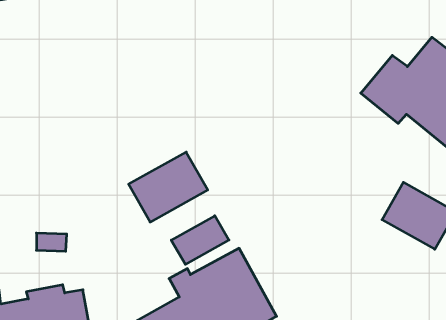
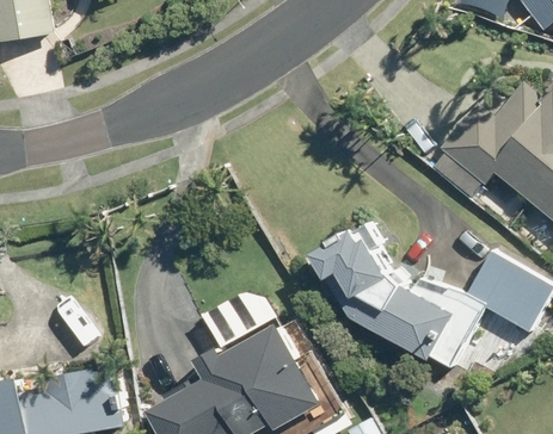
building: [129,152,208,222] -> none
building: none -> [313,223,479,371]

